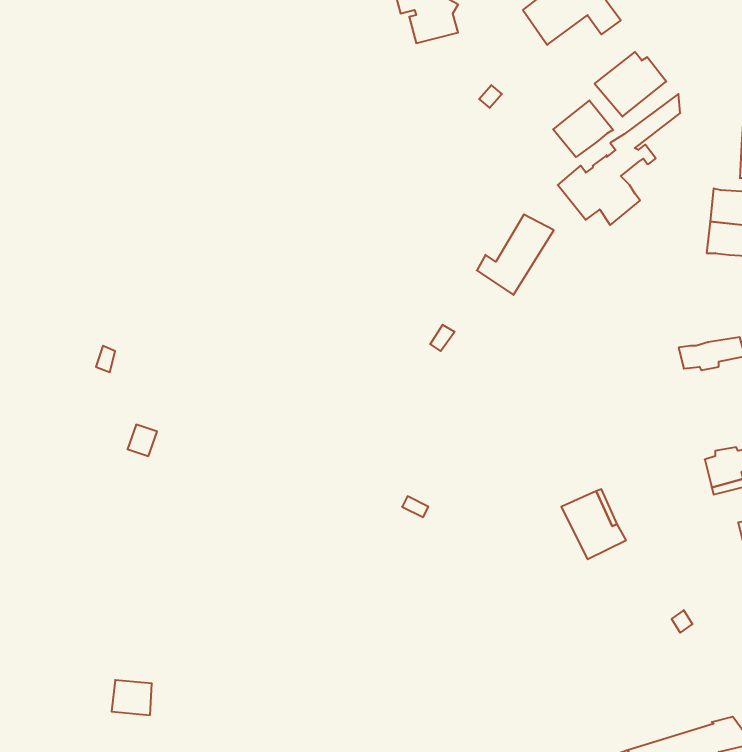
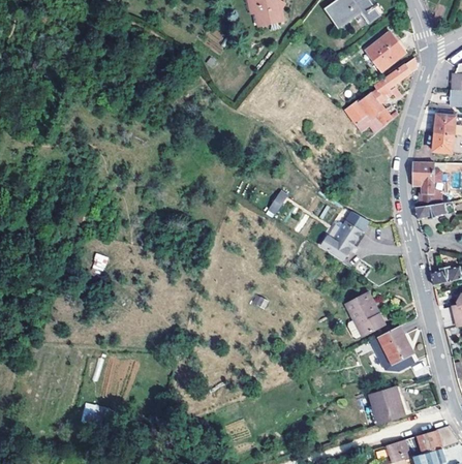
building: [553,100,613,157] -> none
building: [477,214,554,295] -> [324,211,369,258]
building: none -> [413,161,442,202]
building: none -> [371,324,415,369]
building: none -> [369,384,406,422]

